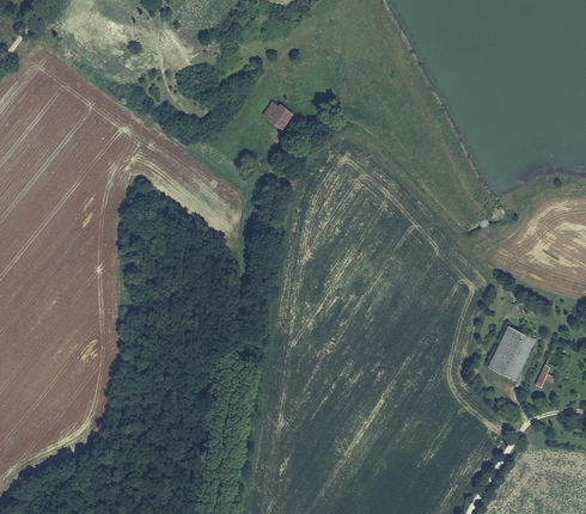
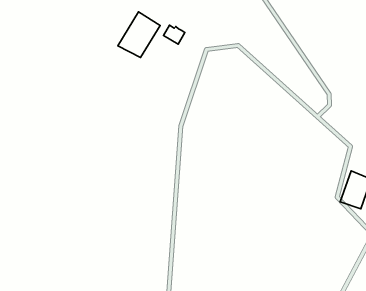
building: none -> [118,12,160,57]

